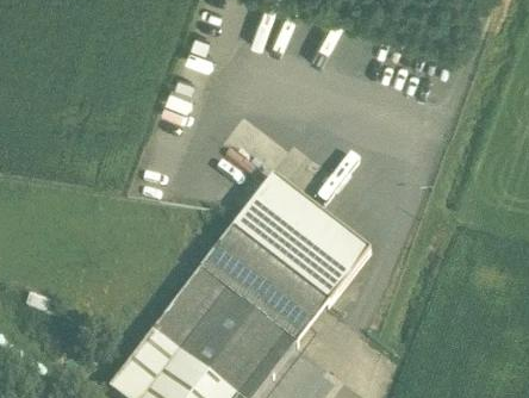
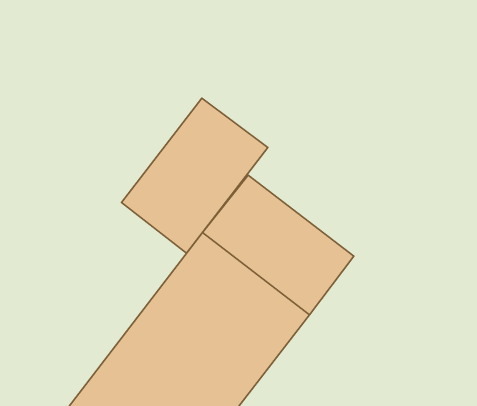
building: none -> [121,98,268,253]

